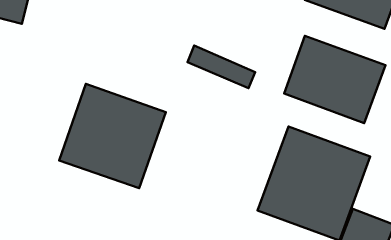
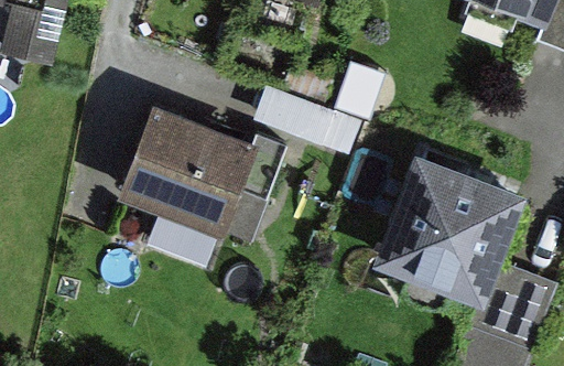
building: [284,36,385,123] -> none

